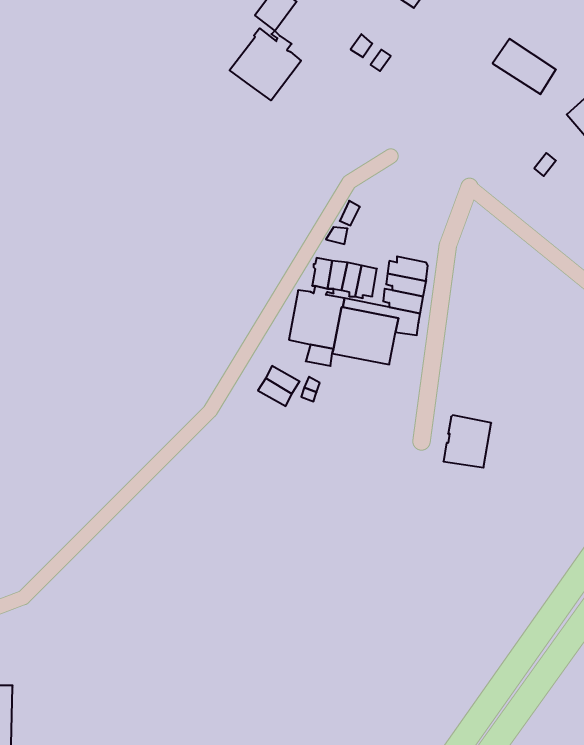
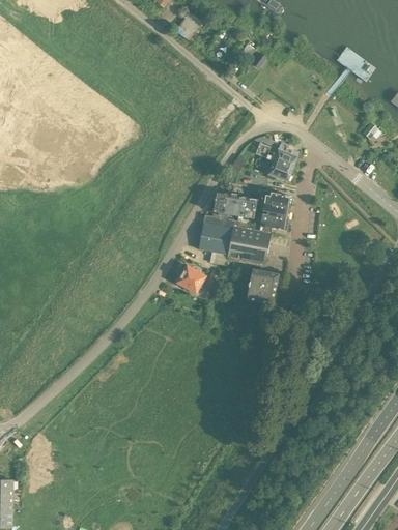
building: [230,28,301,100] -> none
building: none -> [254,142,298,180]
building: [443,415,491,468] -> [246,267,278,302]

